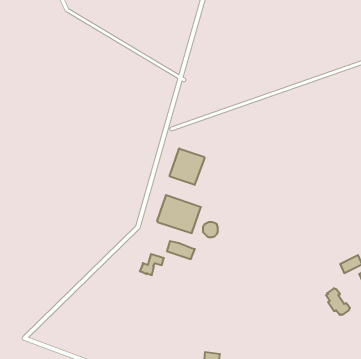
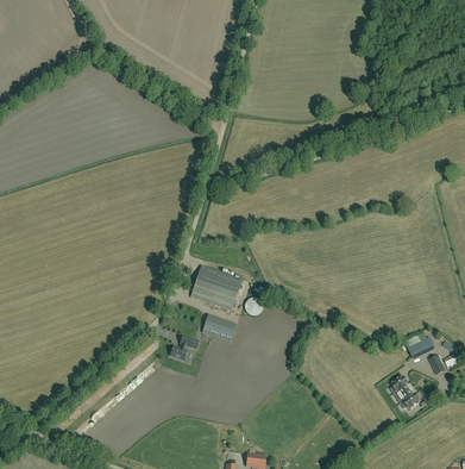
building: [170,148,204,185] -> none

